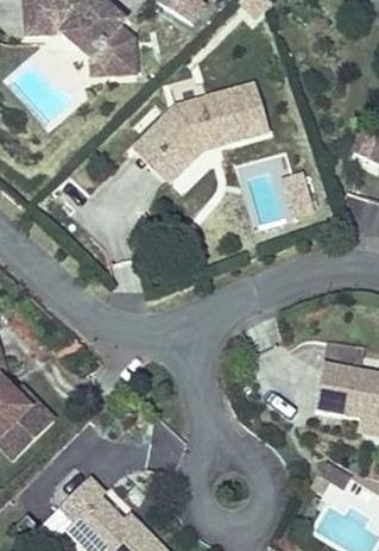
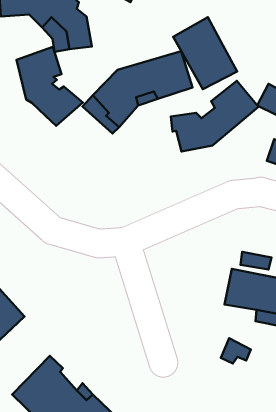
building: none -> [173,17,237,89]
building: none -> [17,47,83,126]
building: none -> [171,81,258,151]

